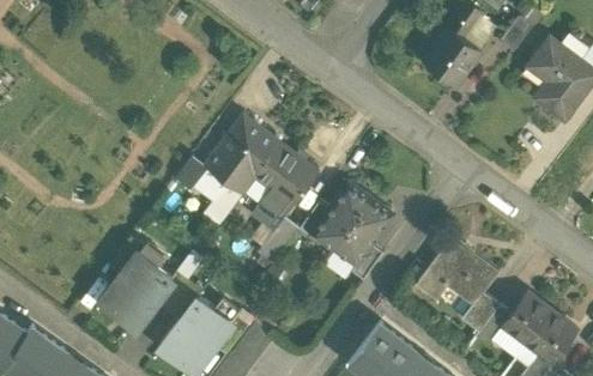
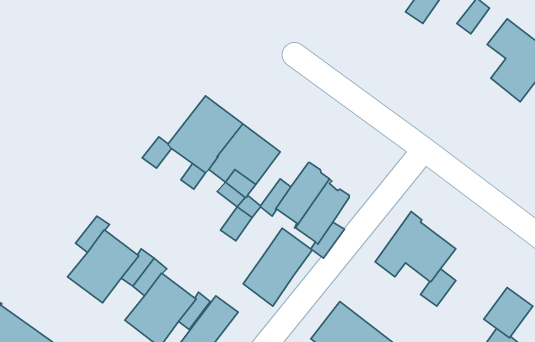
building: [425,30,479,84] -> none
building: none -> [243,228,312,306]
building: [502,295,551,345] -> none

